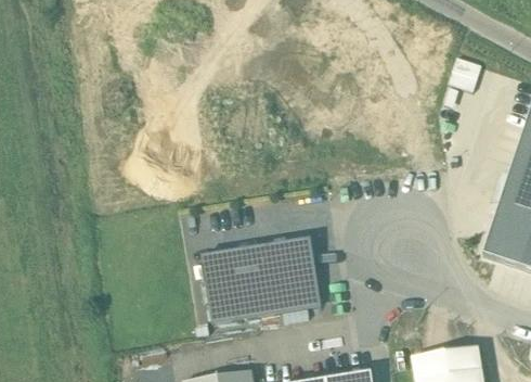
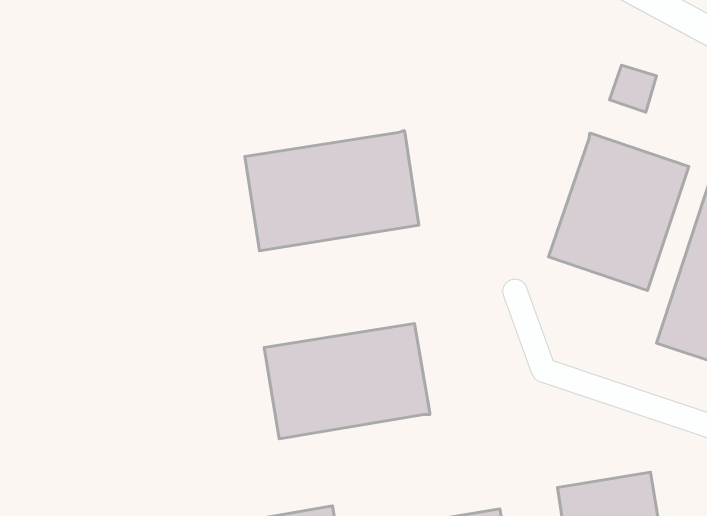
building: none -> [245,131,419,251]
building: none -> [548,133,689,290]

